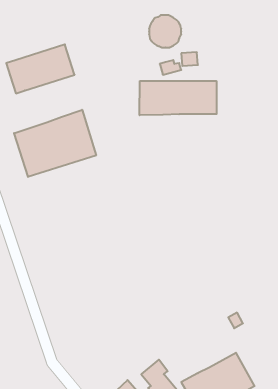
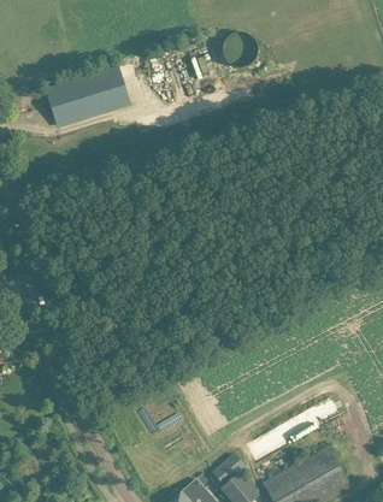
building: [140,81,217,115] -> none
building: [14,110,96,177] -> none

